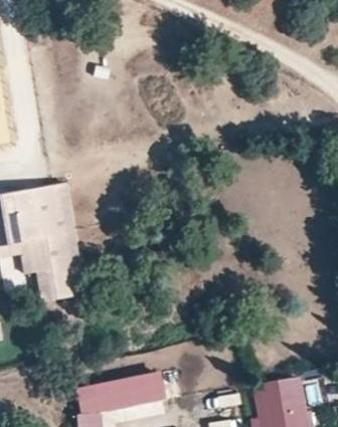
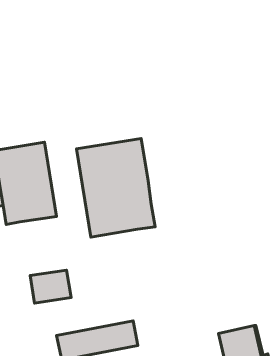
building: none -> [77,139,155,237]
building: [36,263,81,299] -> [30,270,71,303]

